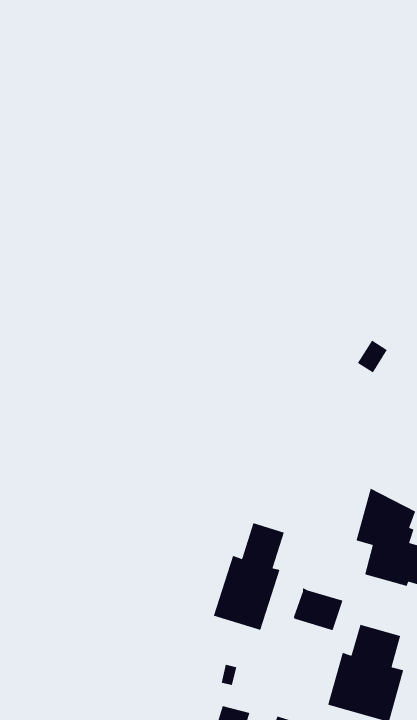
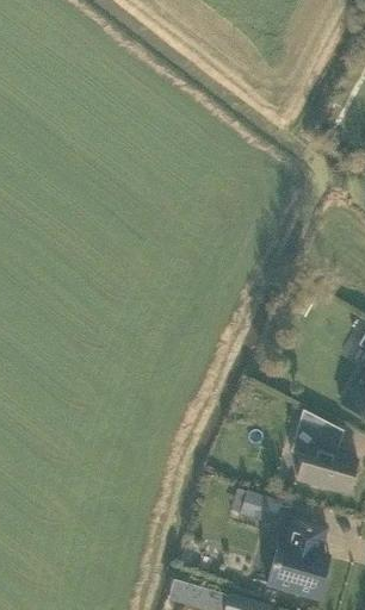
building: [213,522,285,631] -> none

